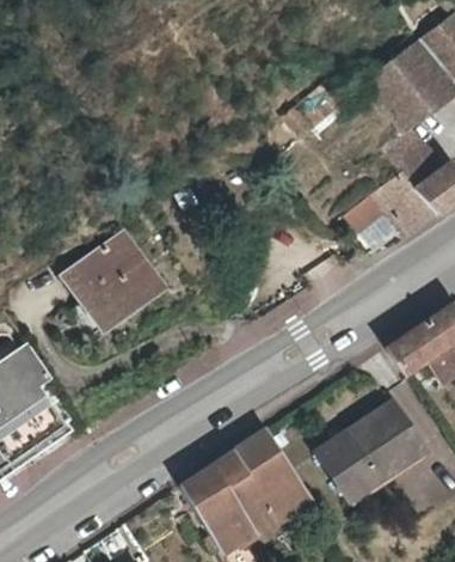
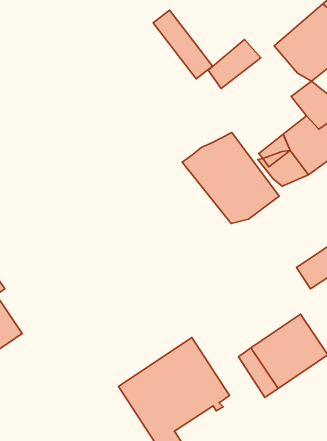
building: none -> [153,10,213,79]
building: none -> [182,133,279,224]
building: [63,232,161,328] -> none

